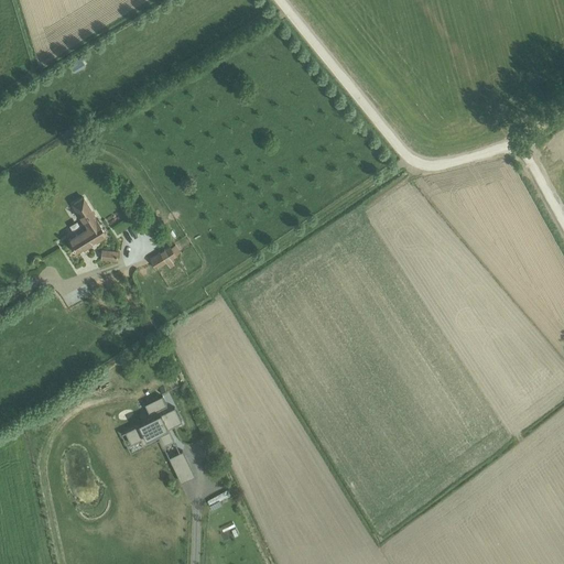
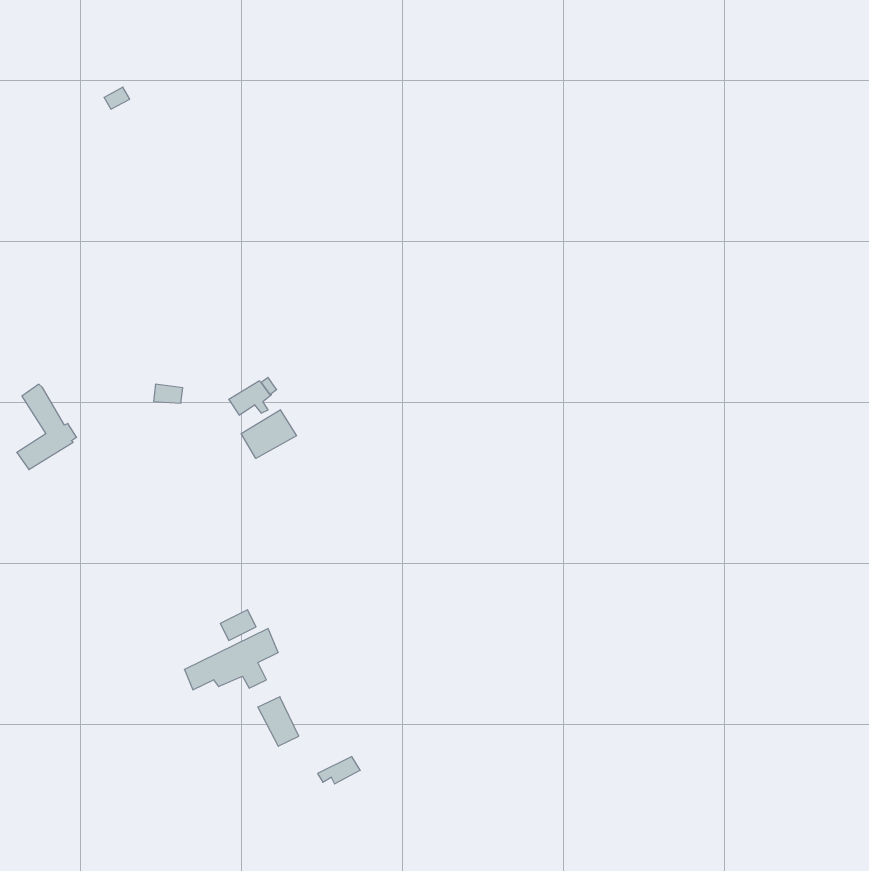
building: [67,196,106,251] -> [17,384,77,470]
building: none -> [241,410,297,458]

